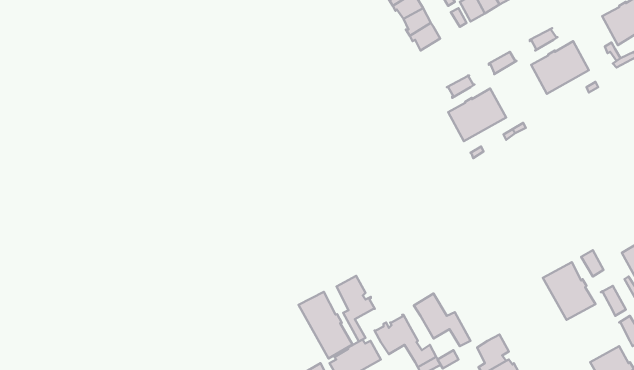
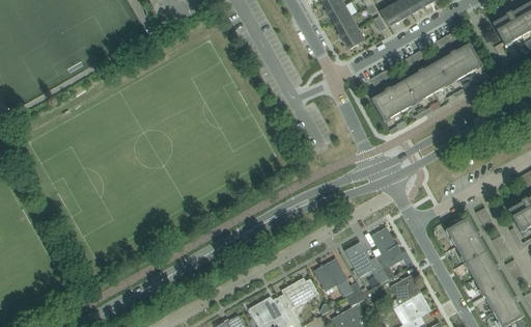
building: none -> [404,61,449,103]
building: [336,276,375,342] -> [371,227,401,279]
building: [299,292,352,358] -> none
building: none -> [465,250,506,296]

